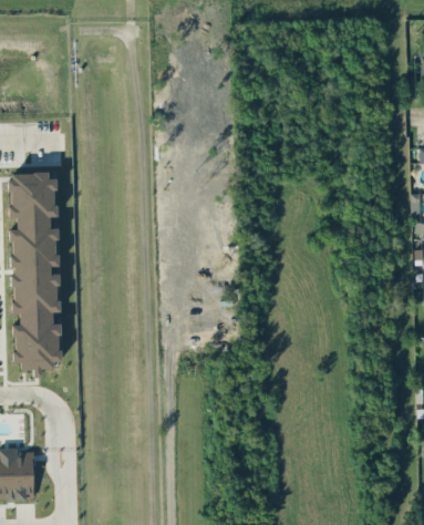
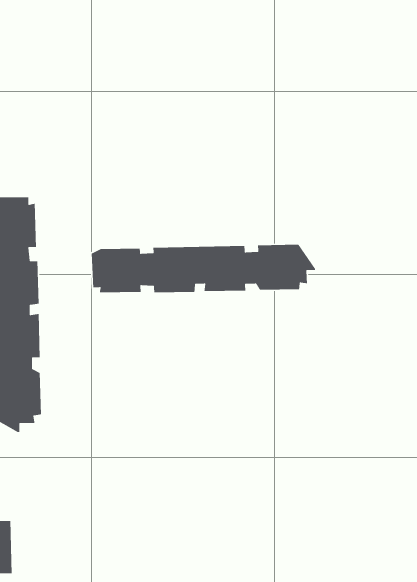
building: none -> [91,244,316,293]

